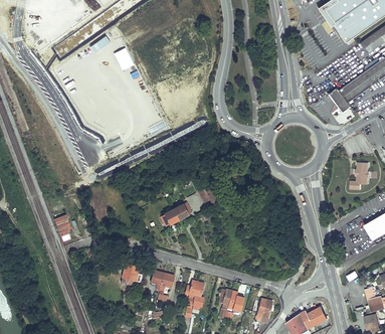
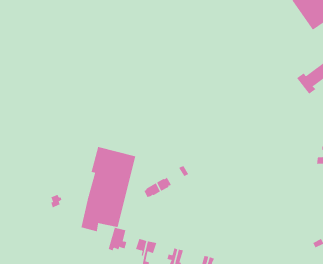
building: none -> [81,146,136,232]

